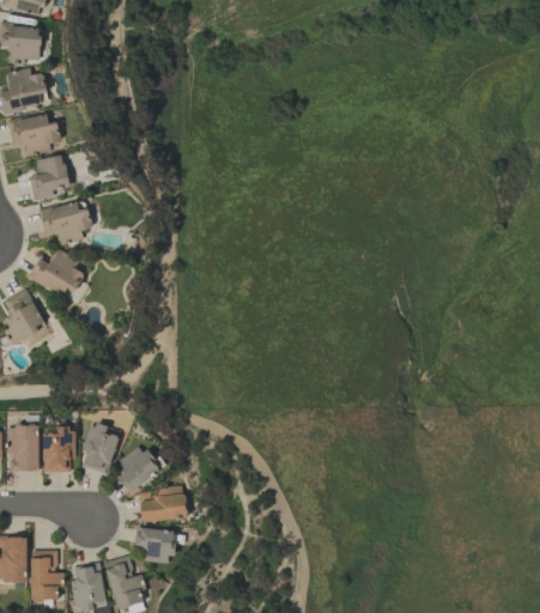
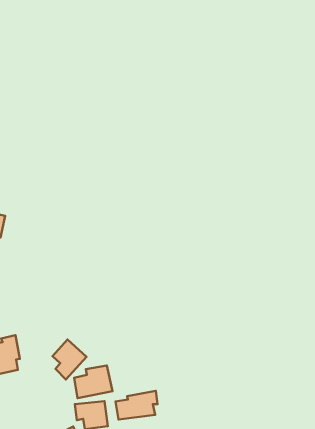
building: [81,423,117,473] -> none
building: none -> [116,391,158,420]

